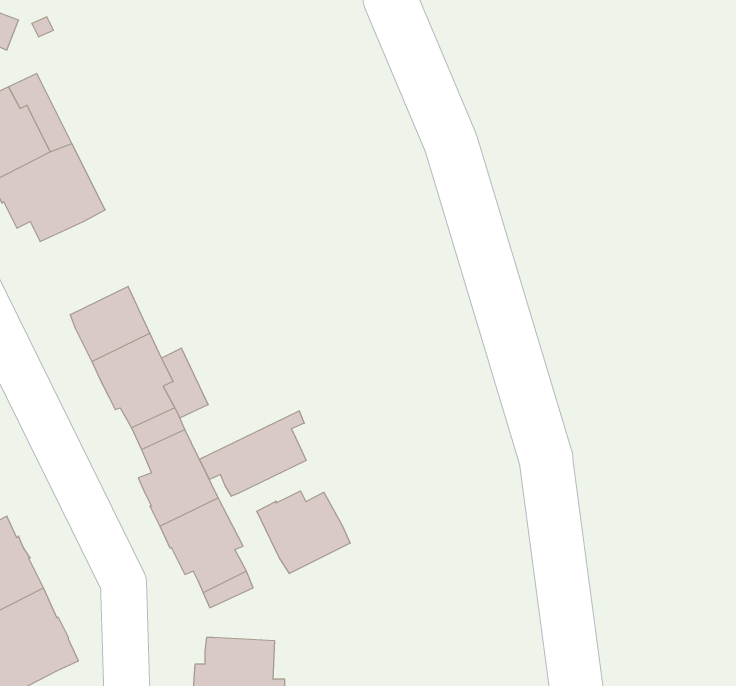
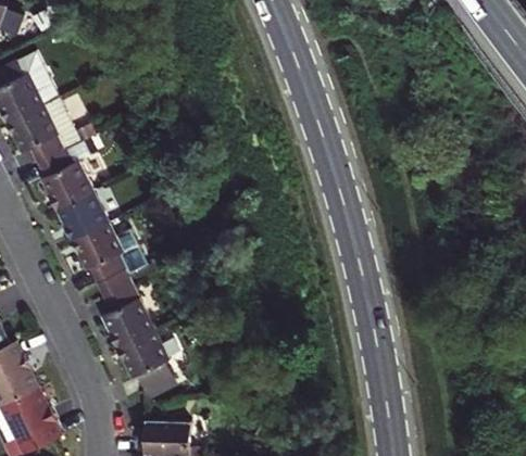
building: none -> [37,148,95,208]
building: [199,411,306,496] -> none
building: [257,491,350,574] -> none

